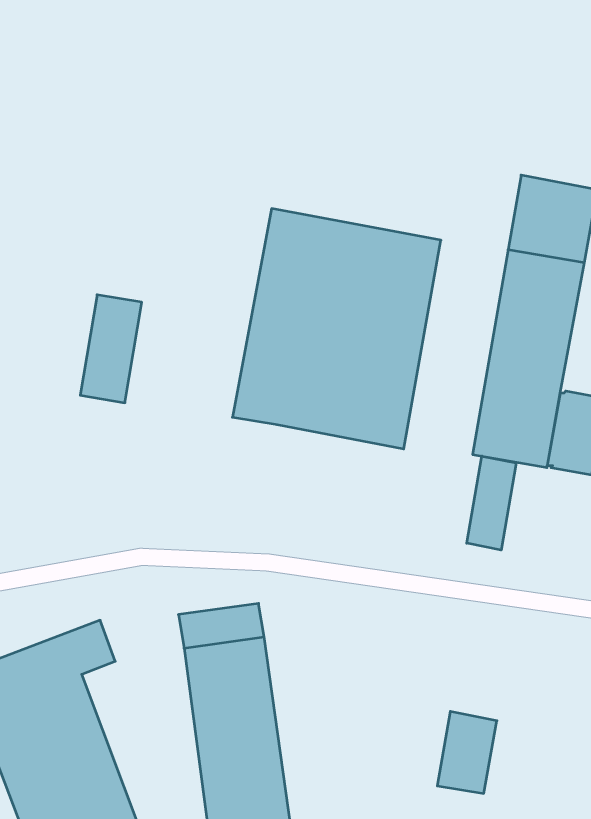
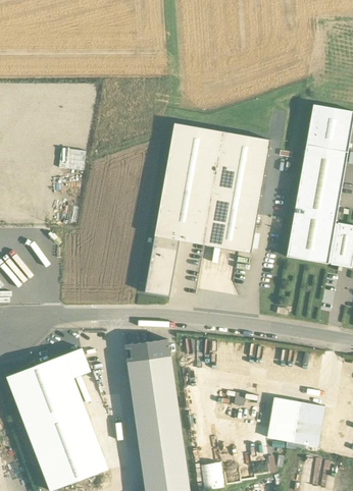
building: [80,295,142,403] -> [146,236,180,295]
building: [467,456,516,550] -> none
building: none -> [293,402,324,446]

